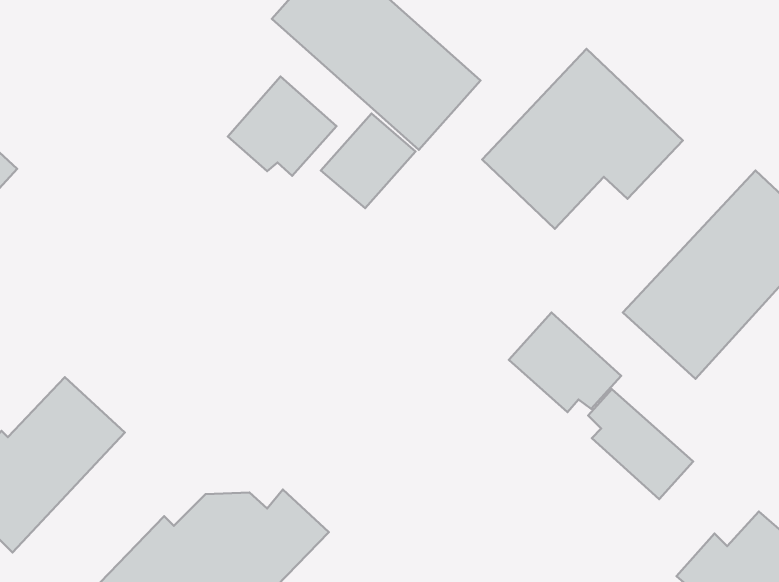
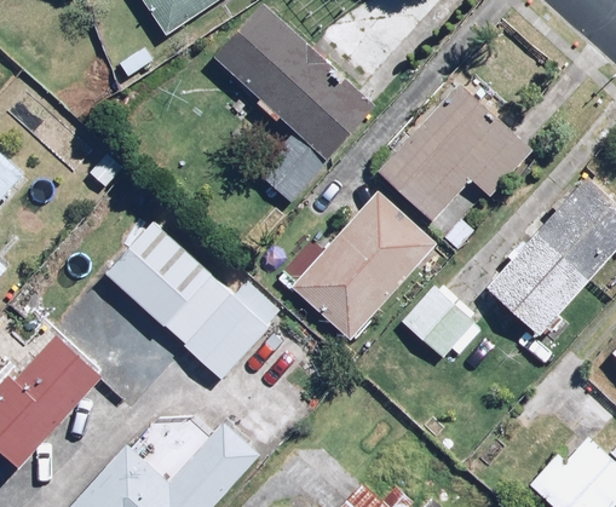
building: [228,77,337,176] -> none
building: none -> [292,189,437,339]
building: none -> [100,223,261,376]
building: [588,389,693,499] -> none

